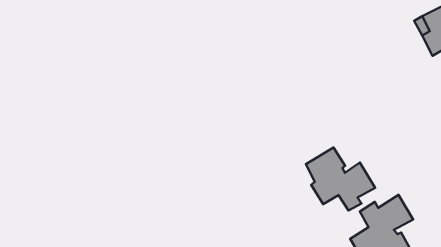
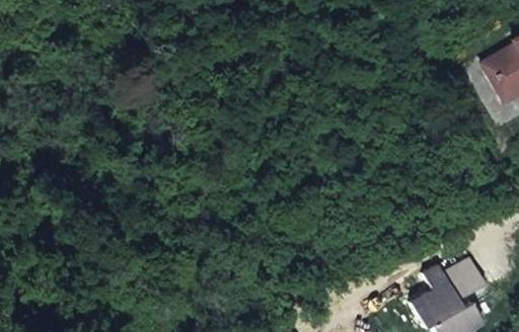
building: [306,147,375,211] -> none

